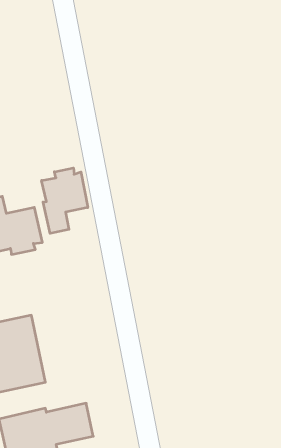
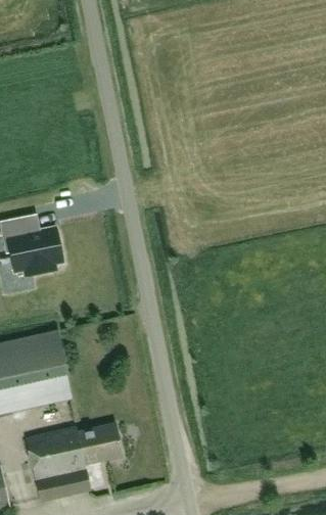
building: [42,168,88,233] -> none

